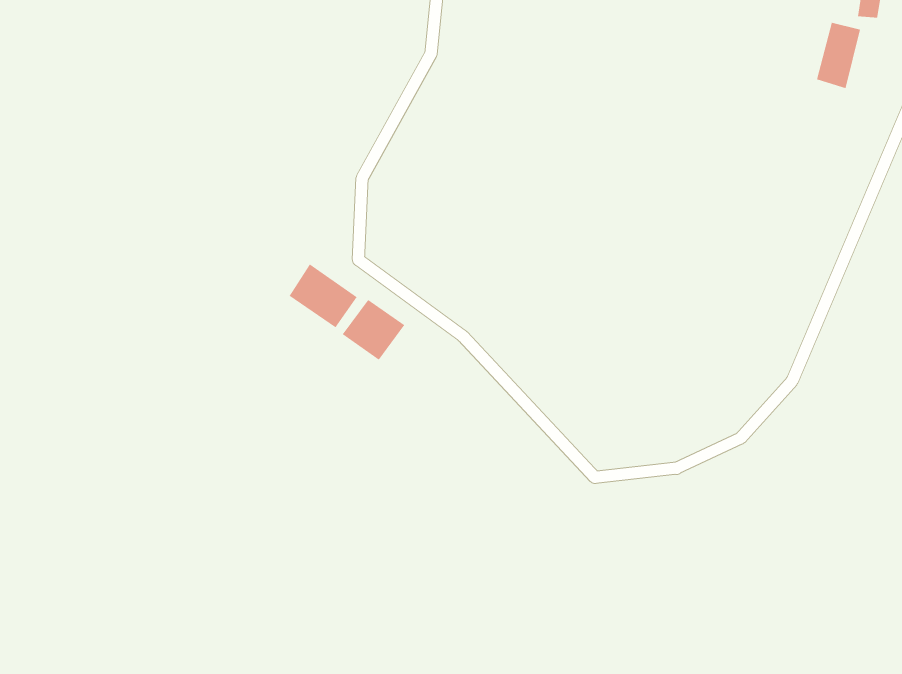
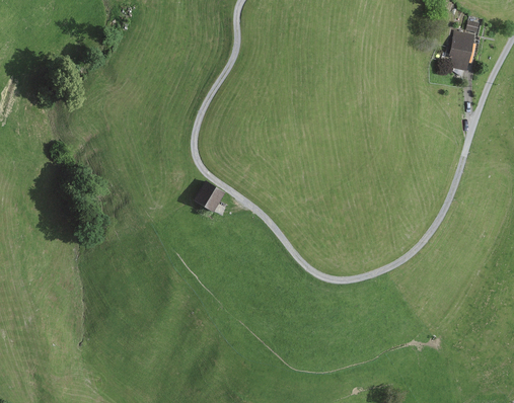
building: [289,264,357,328] -> none

